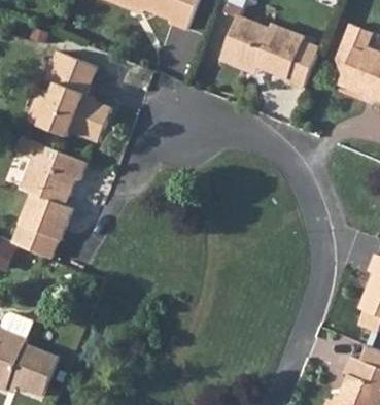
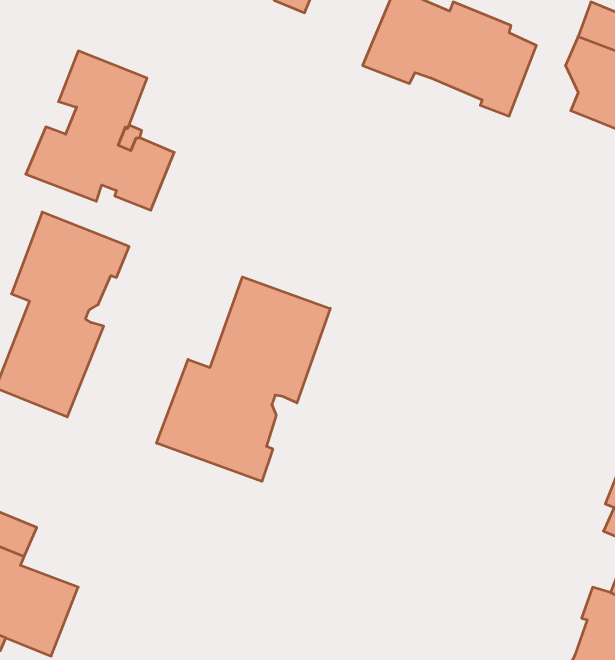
building: none -> [157,277,330,481]

